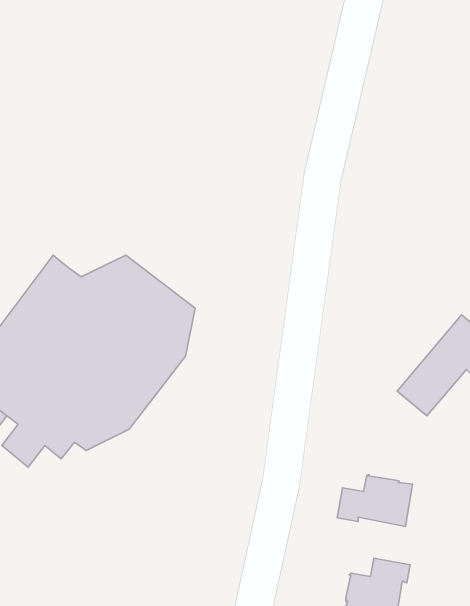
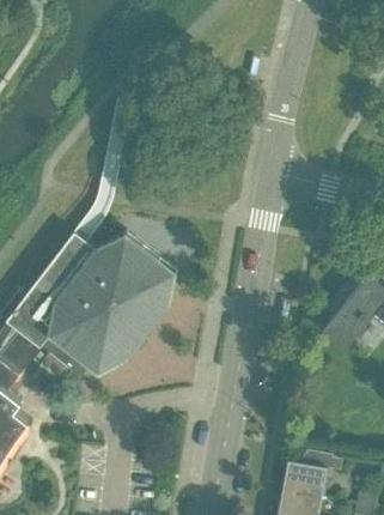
building: [337,475,412,527] -> none

